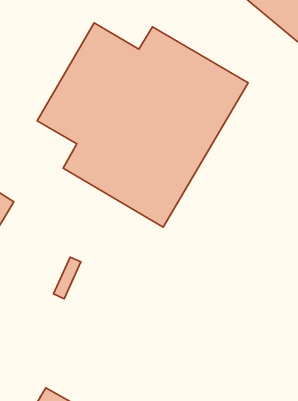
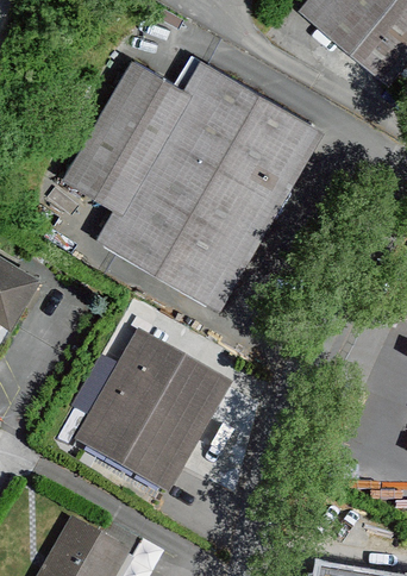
building: none -> [74,337,230,500]

